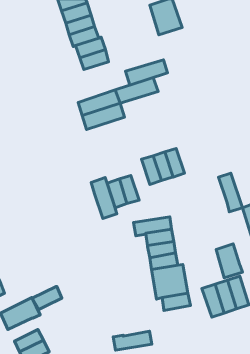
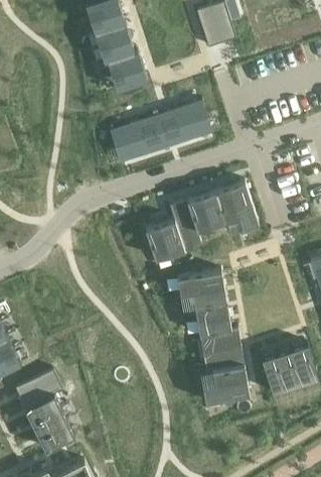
building: [126,60,168,85] -> [161,118,212,149]
building: [218,173,242,212] -> [229,183,259,230]
building: [91,177,117,219] -> [170,201,201,251]
building: [216,244,243,278] -> none
building: [32,287,62,310] -> [24,395,60,424]
building: [113,331,152,350] -> [202,380,250,403]

